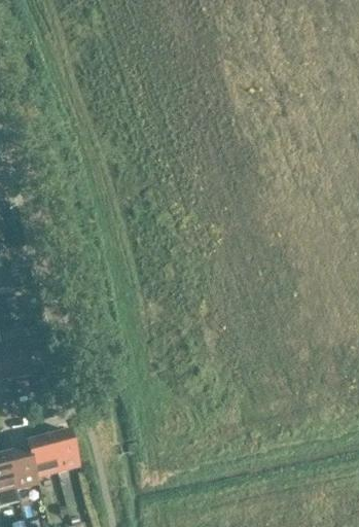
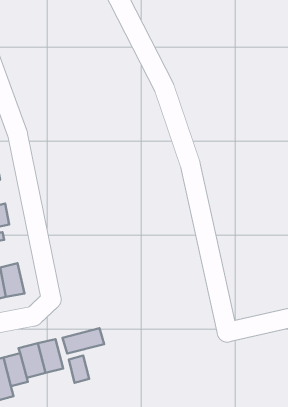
building: none -> [63,328,104,354]
building: none -> [69,356,89,383]

